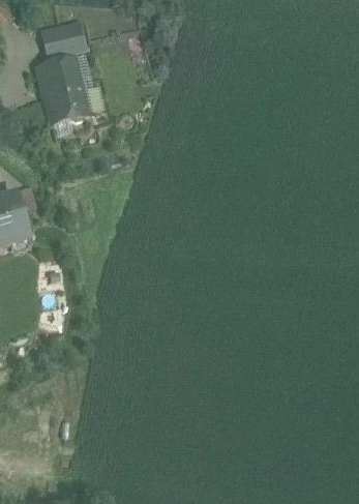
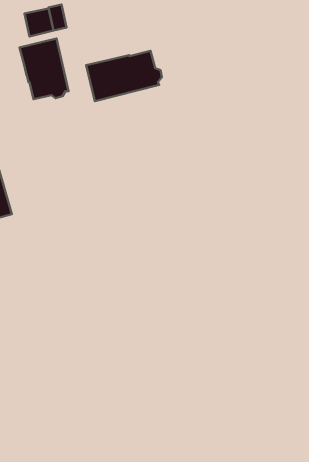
building: none -> [86,51,162,101]

